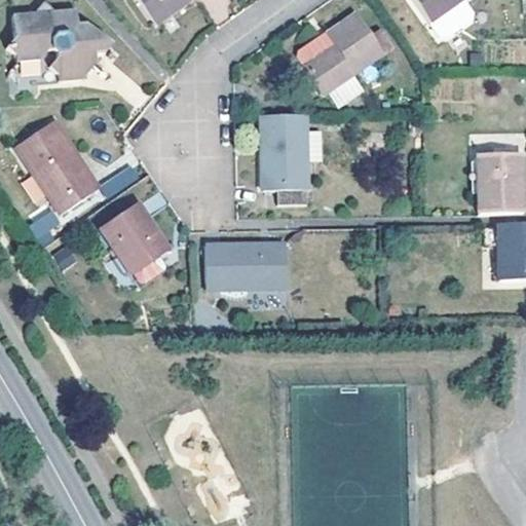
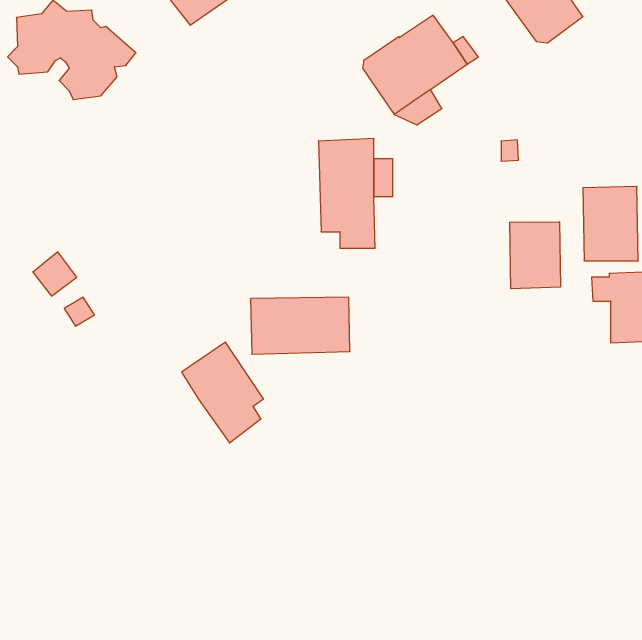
building: [16,120,100,214] -> none
building: none -> [510,222,560,289]
building: [101,202,167,285] -> [182,342,263,443]

